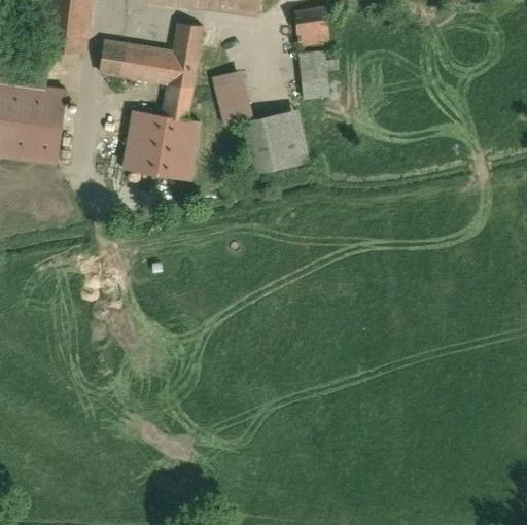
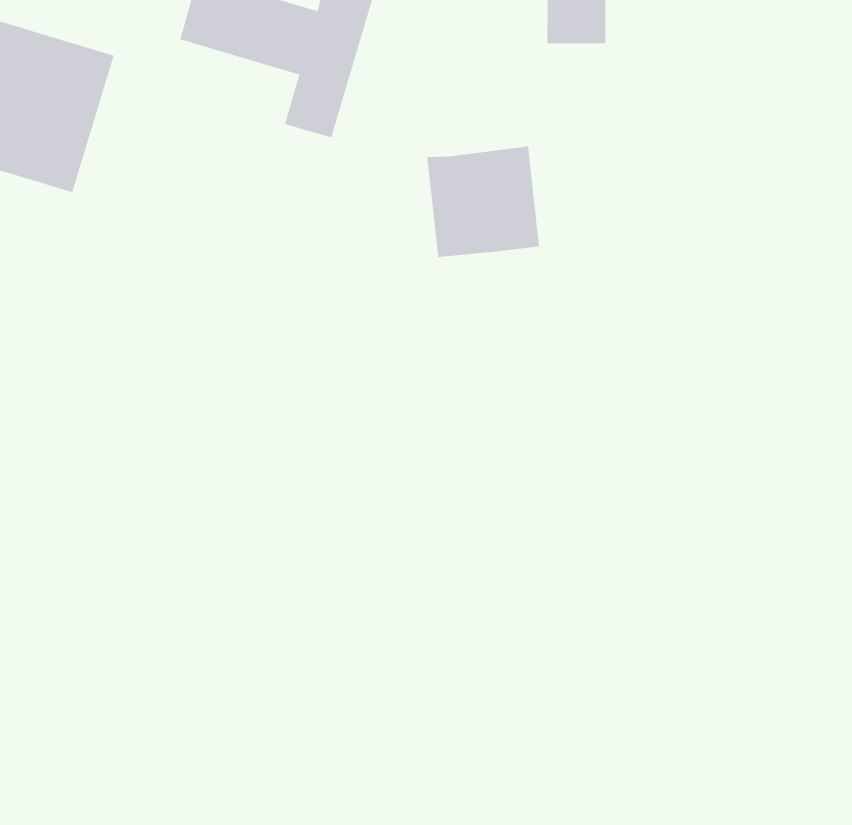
building: [298,51,340,101] -> none
building: [214,80,254,125] -> none
building: [122,108,203,179] -> none

